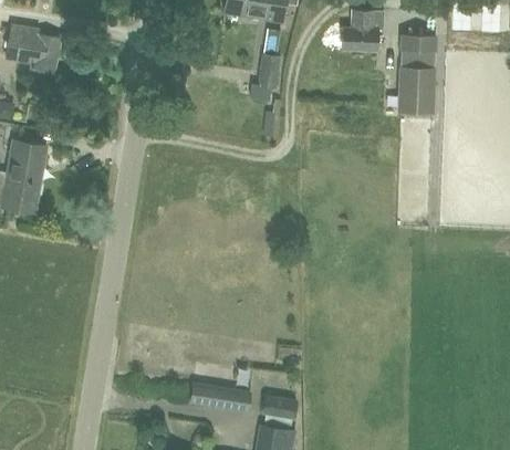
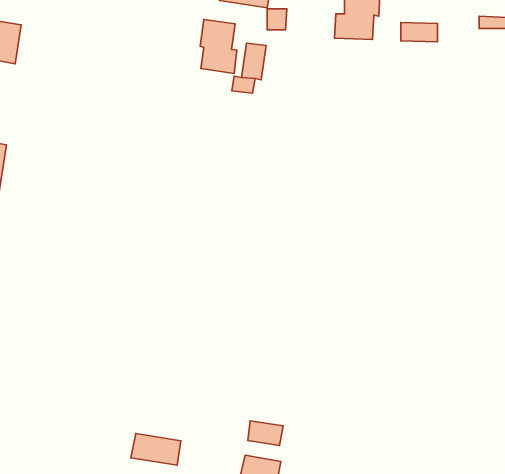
building: none -> [200,19,237,74]
building: [397,66,434,113] -> none
building: [189,381,235,410] -> [131,433,181,465]

